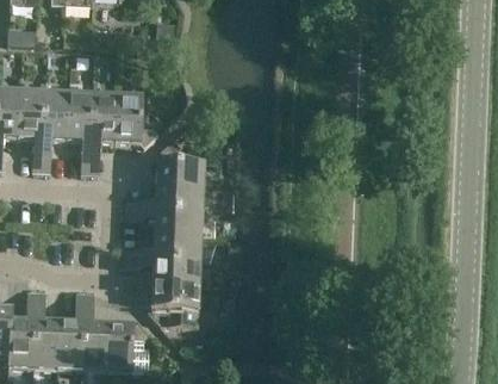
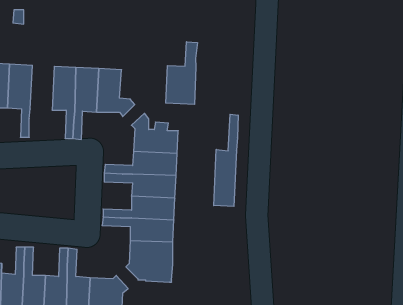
building: none -> [166,42,197,104]
building: [41,89,68,168] -> none
building: none -> [214,114,238,206]

